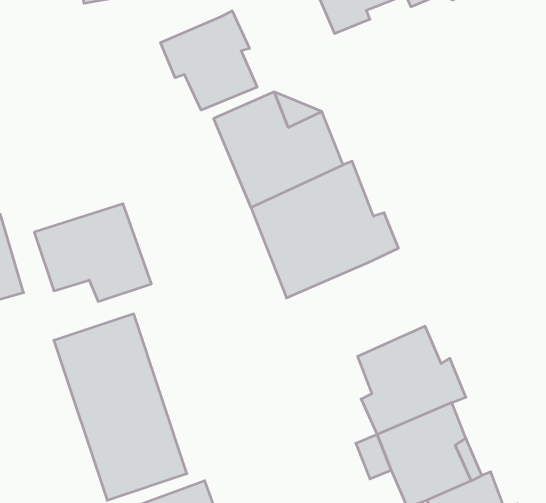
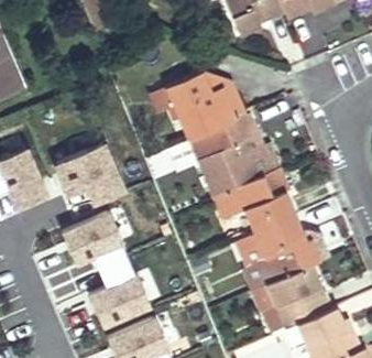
building: [161,11,257,110] -> none
building: none -> [210,170,296,237]

